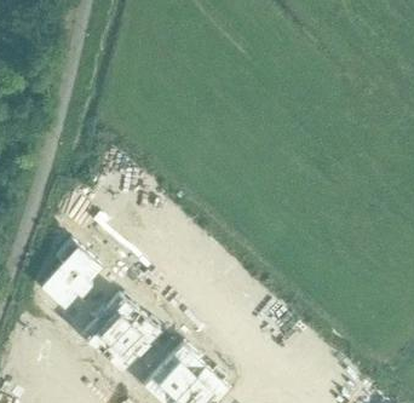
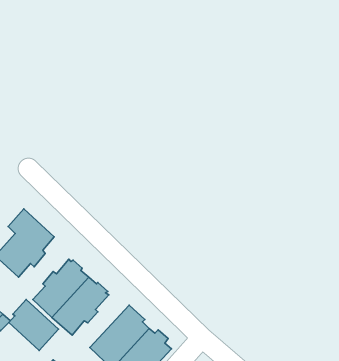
building: none -> [9,300,58,350]

